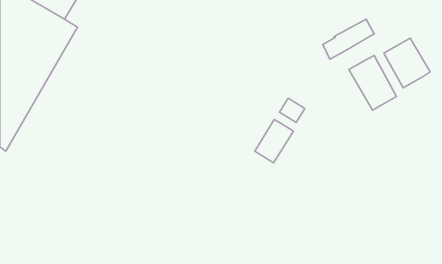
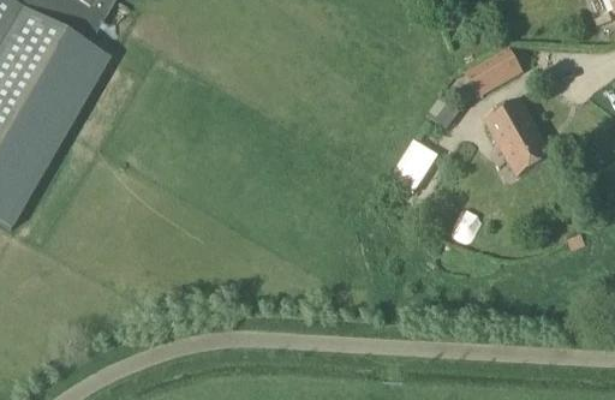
building: [384,38,430,88] -> none
building: [255,119,294,163] -> none

